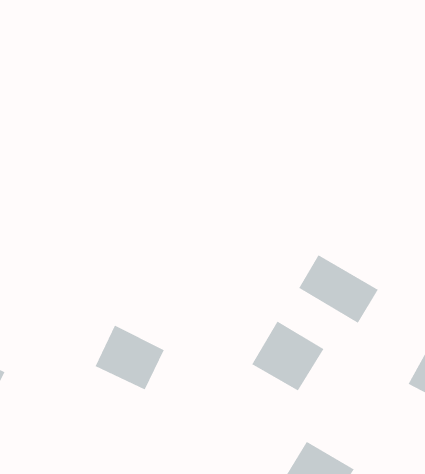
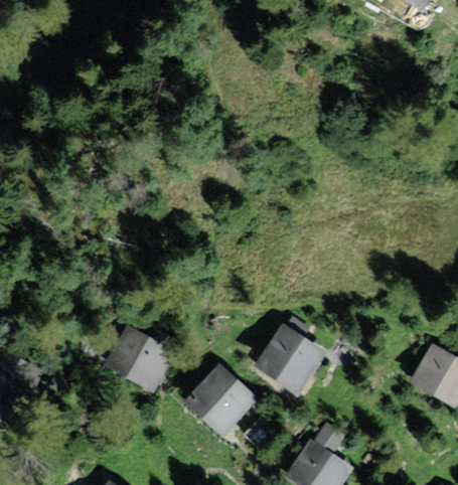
building: [298,254,379,324] -> none
building: none -> [186,362,258,434]

